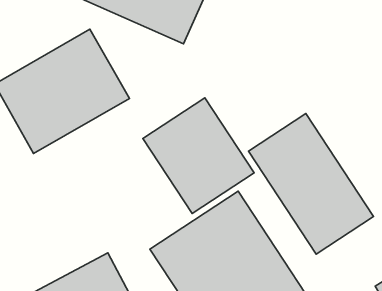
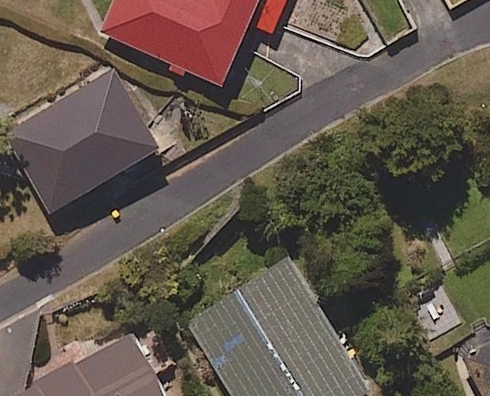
building: [143,98,254,214] -> none
building: [248,113,373,254] -> none

